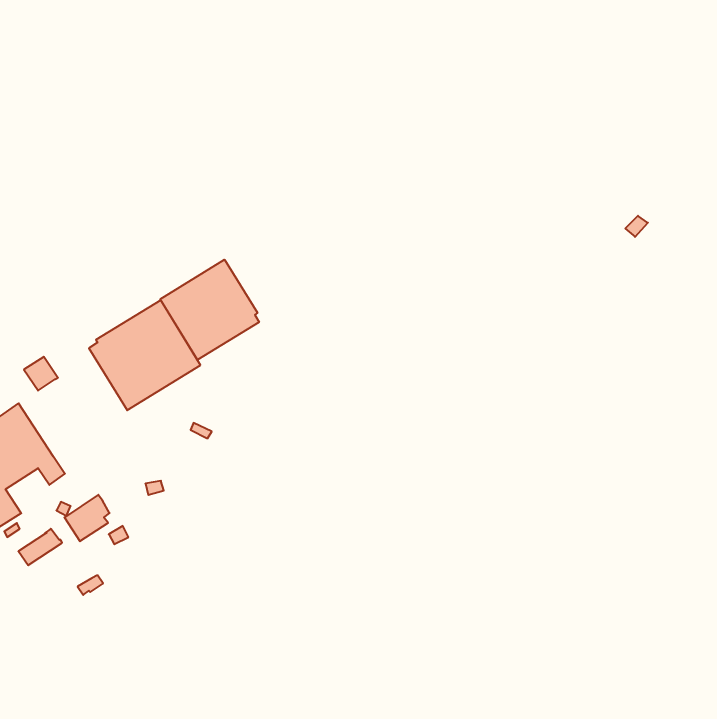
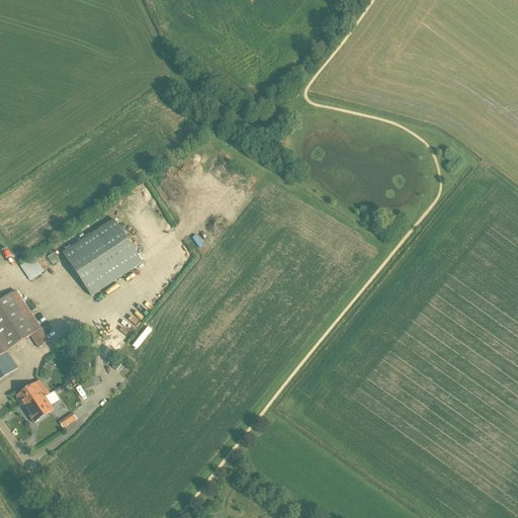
building: [160,260,259,360] -> none
building: [64,495,110,541] -> [20,390,53,423]

